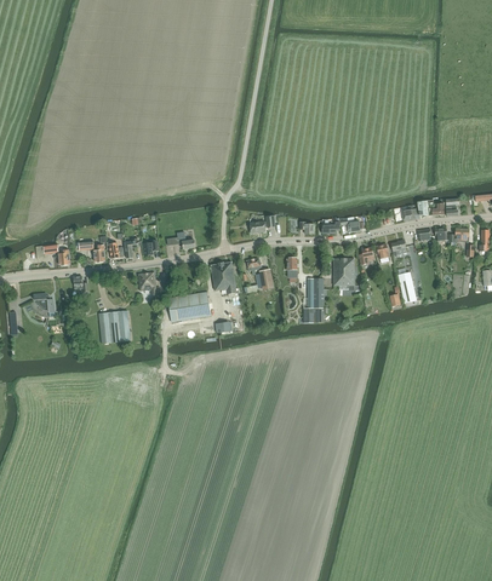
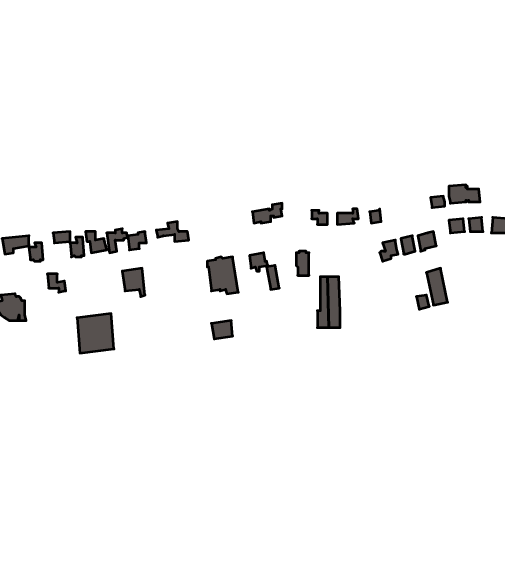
building: [333,258,355,286] -> none
building: [167,292,210,322] -> none

